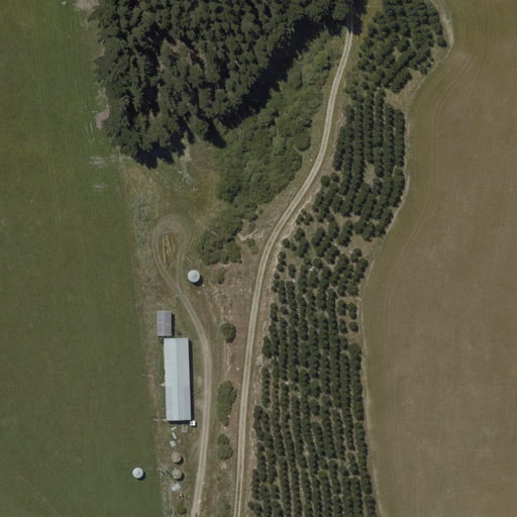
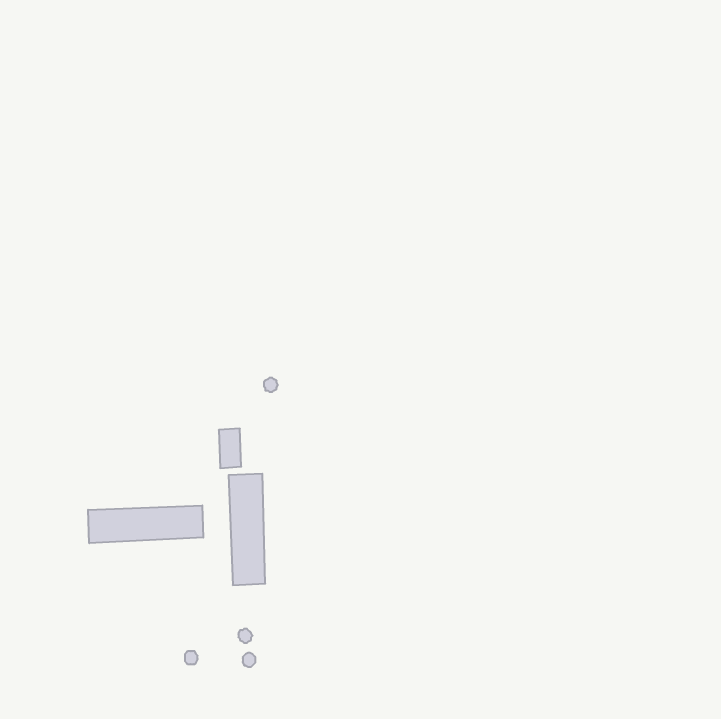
building: none -> [88,505,203,543]

